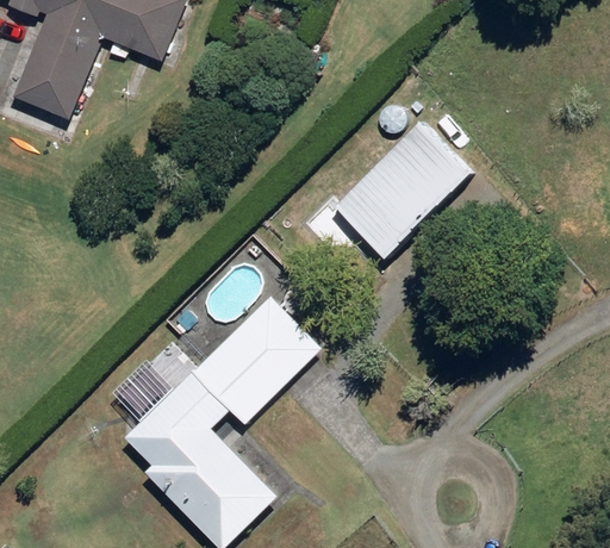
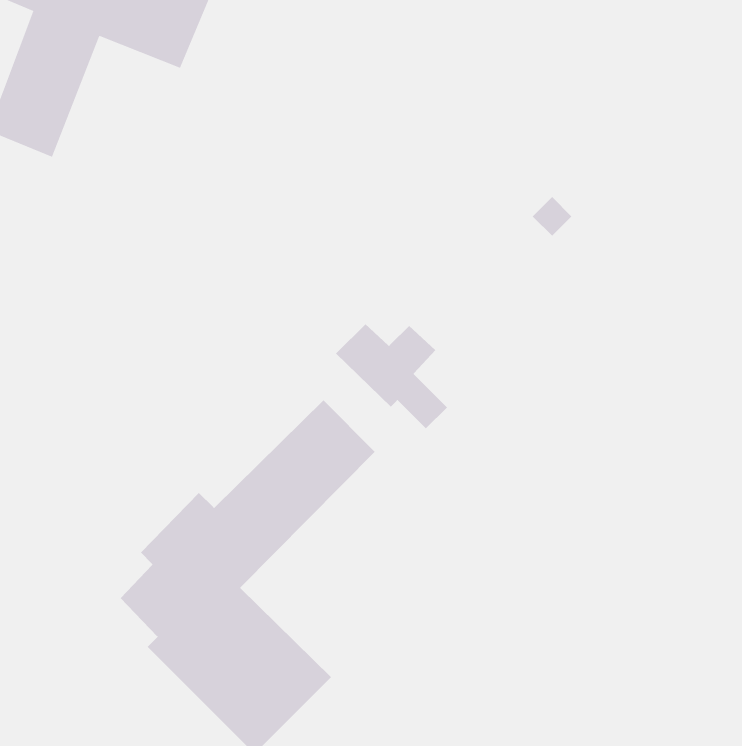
building: [348,175,428,250] -> [335,323,448,429]

